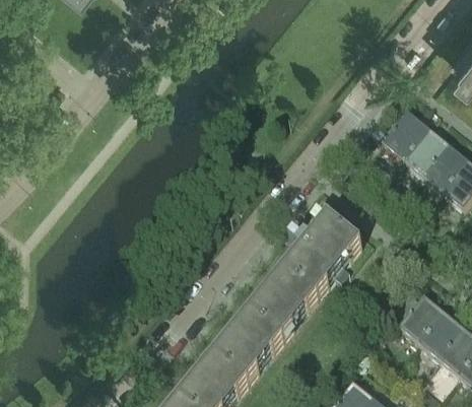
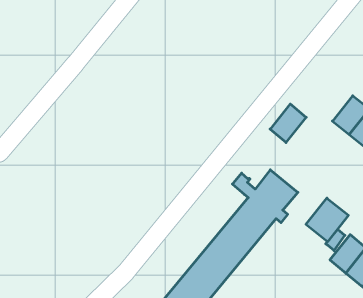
building: [384,112,427,158] -> [270,104,306,143]
building: none -> [306,198,348,242]

